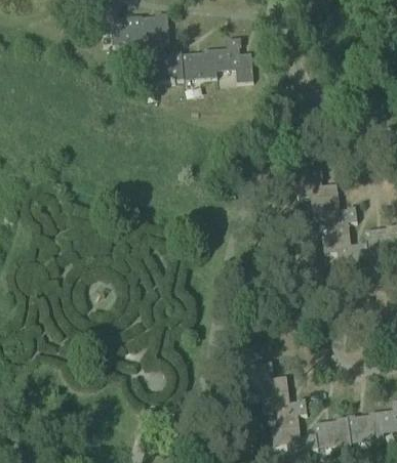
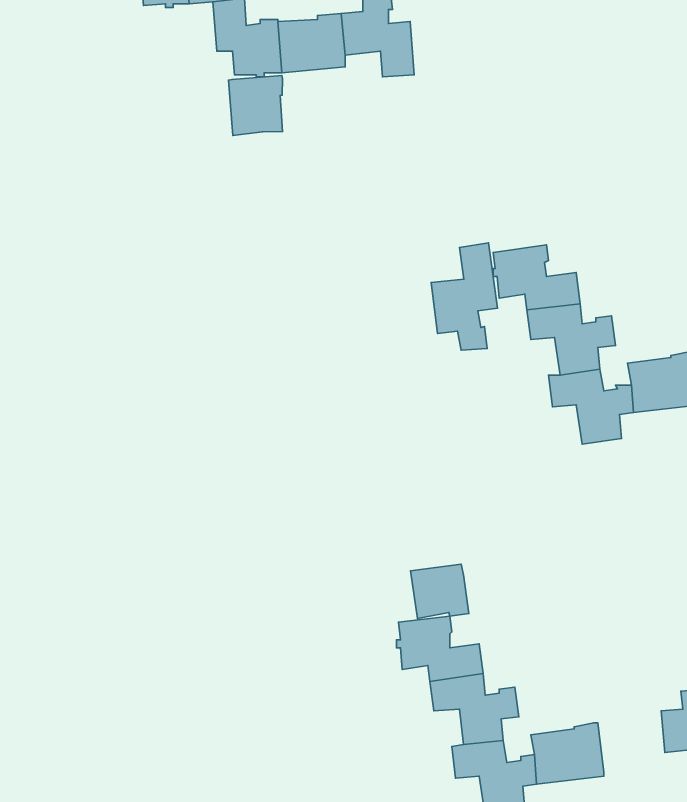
building: none -> [228,75,282,136]
building: none -> [431,243,498,350]
building: none -> [411,564,469,618]
building: [346,411,384,443] -> none

